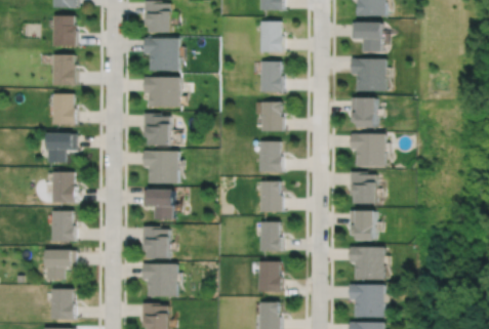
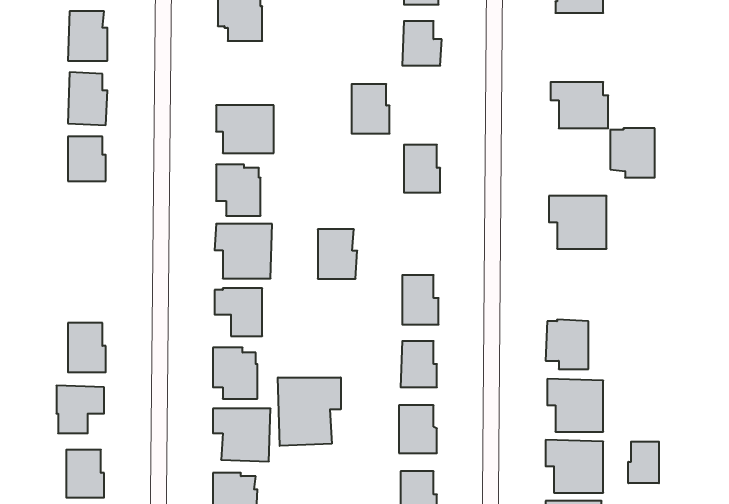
building: [351,25,381,54] -> none
building: [146,40,180,70] -> none
building: [260,60,284,91] -> [352,84,390,134]
building: [352,95,379,126] -> [610,128,655,178]
building: [45,131,76,163] -> none
building: [259,140,284,171] -> [318,229,357,279]
building: [351,171,378,204] -> none
building: [52,172,76,203] -> none
building: none -> [278,377,341,446]
building: none -> [628,442,659,483]

